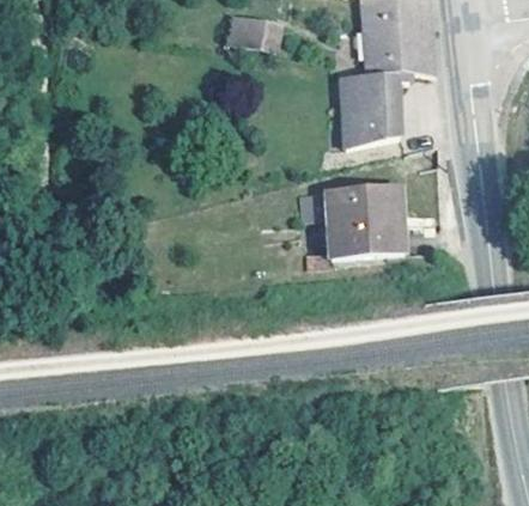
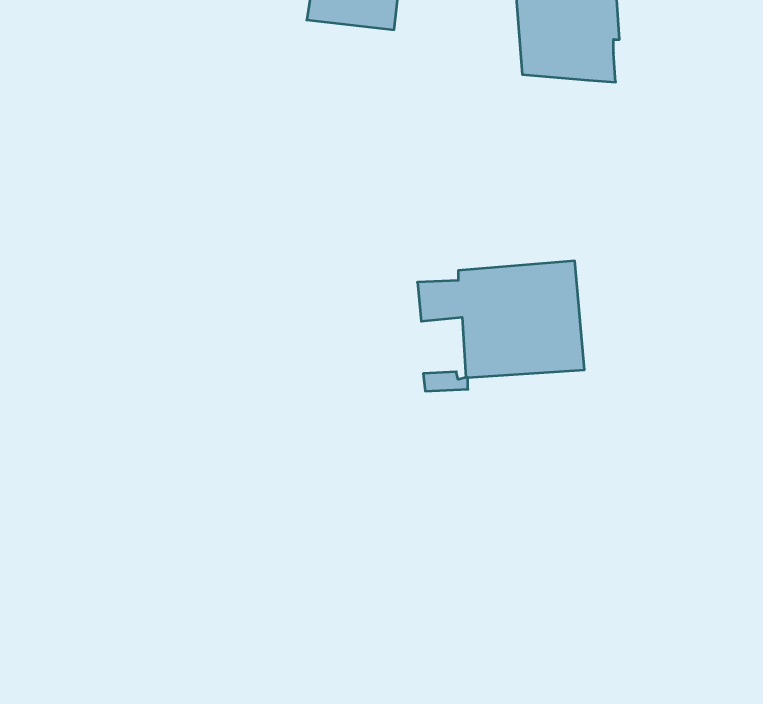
building: [338,68,408,146] -> none

